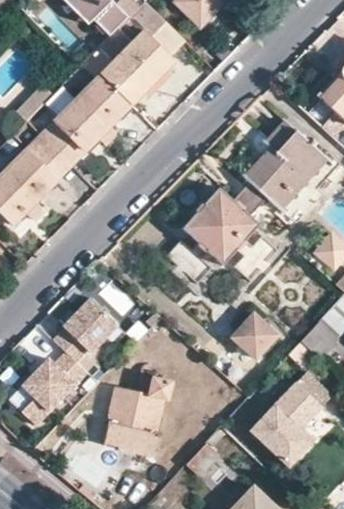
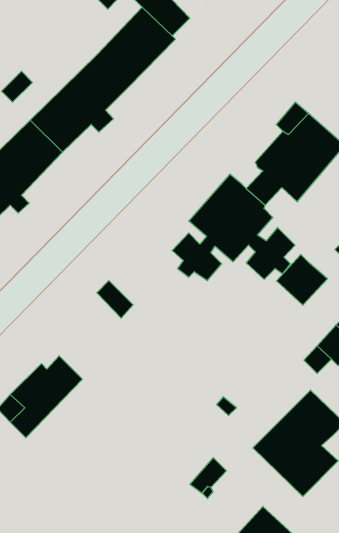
building: [56,294,122,369] -> none
building: [230,311,276,357] -> [276,254,327,305]
building: [106,367,172,456] -> none

